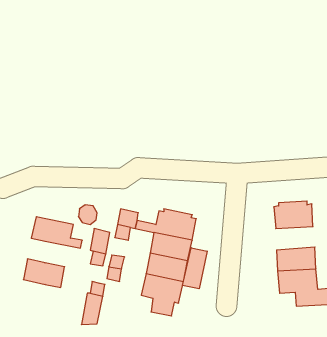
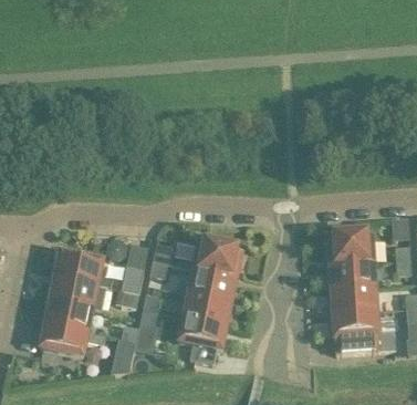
building: none -> [331,262,375,289]
building: none -> [51,276,111,310]
building: [183,248,207,289] -> none
building: none -> [41,322,105,355]

